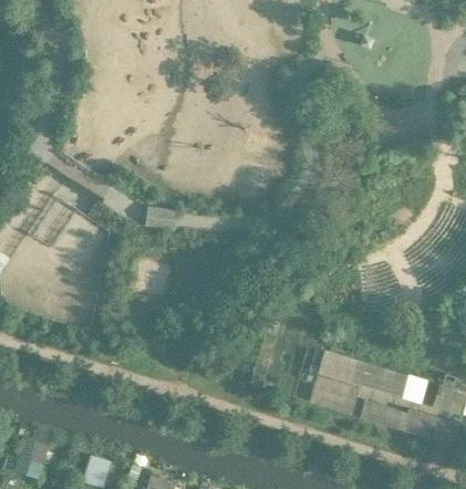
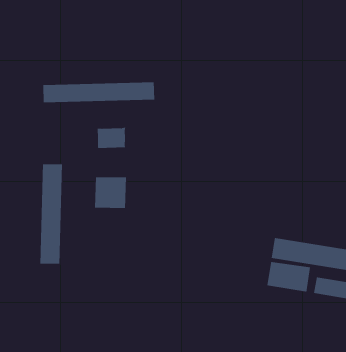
building: none -> [43,82,155,103]
building: none -> [40,163,63,265]

